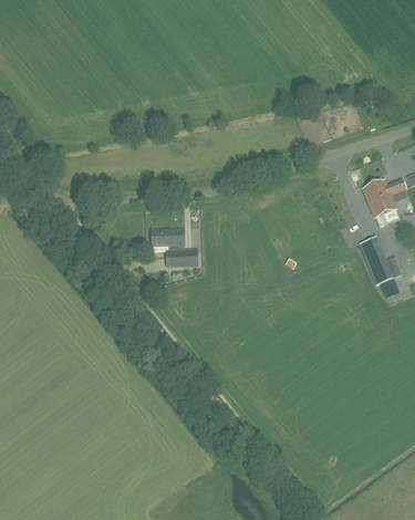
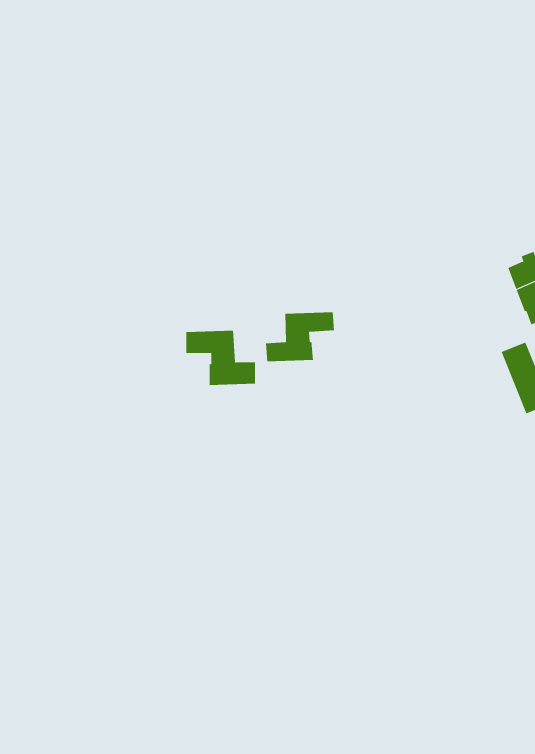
building: none -> [266,312,334,362]

